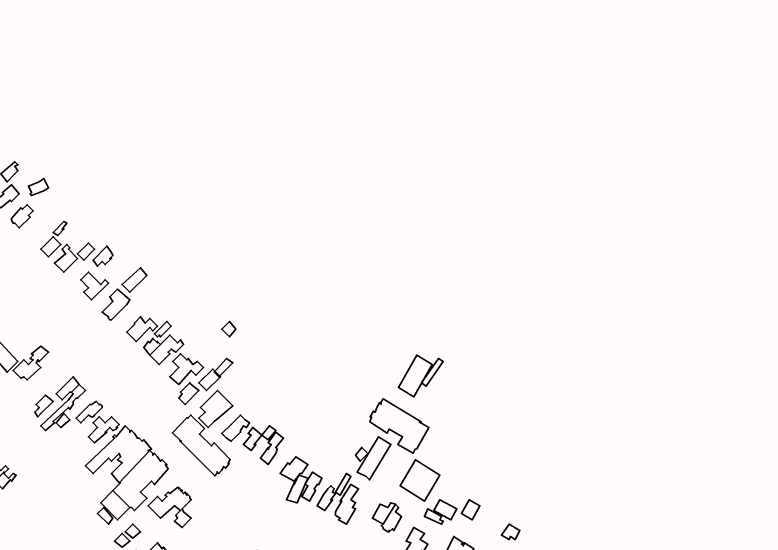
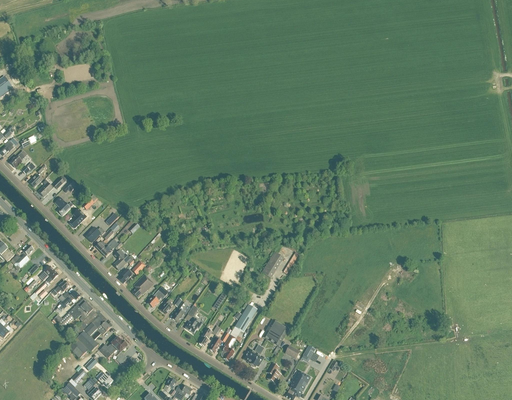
building: [370,399,429,453] -> none
building: [173,415,230,476] -> none

